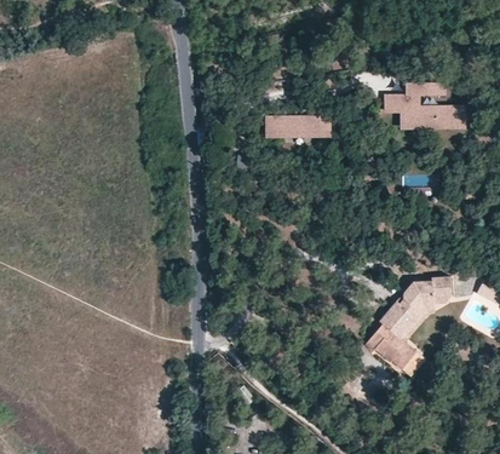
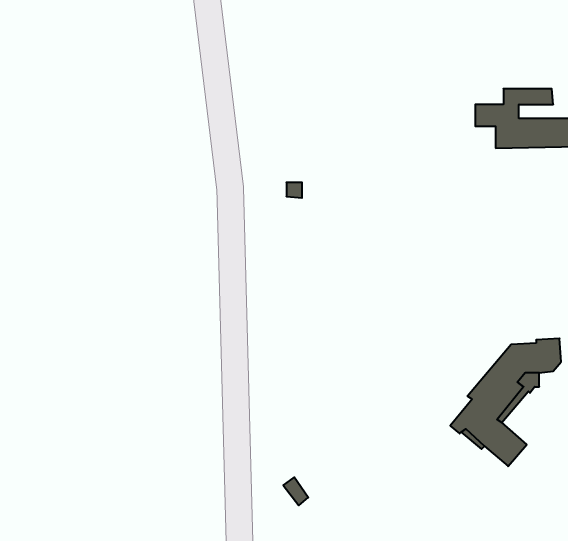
building: [265,115,329,137] -> none

